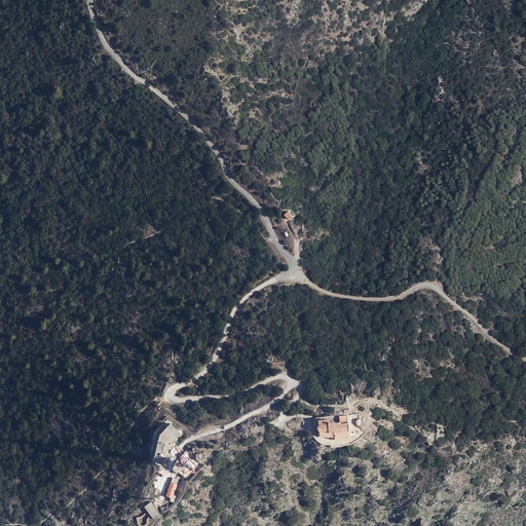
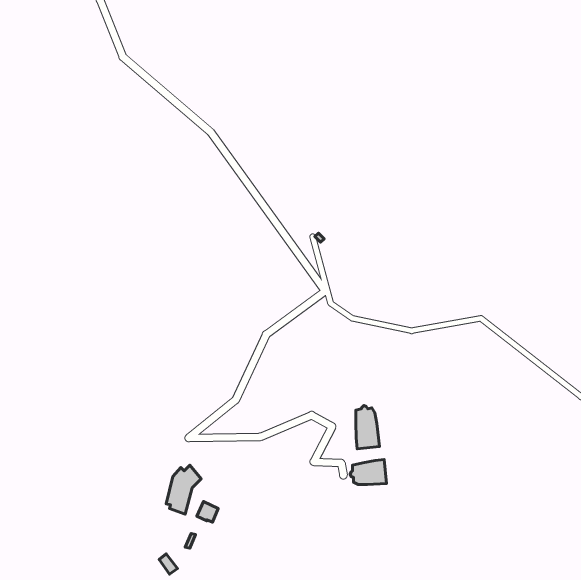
building: none -> [356,406,380,449]

